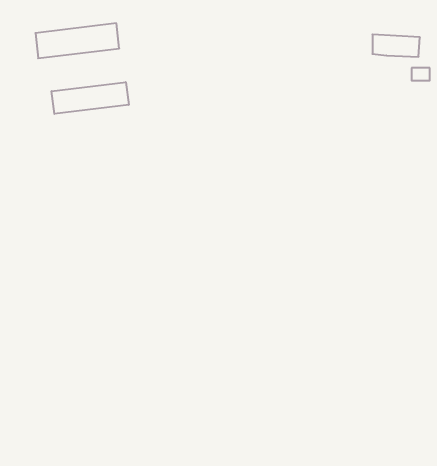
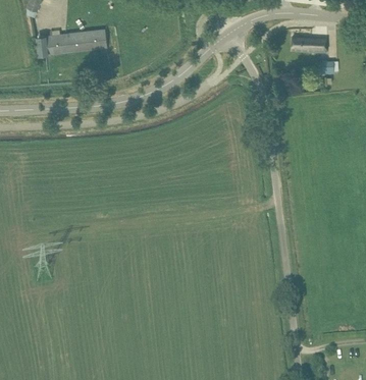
building: [52,82,129,114] -> none

